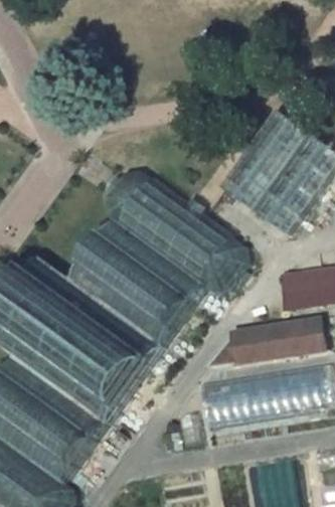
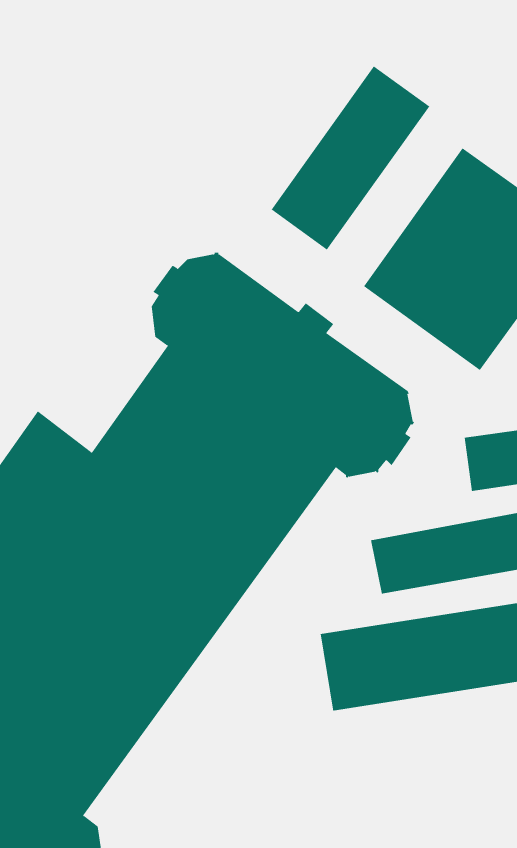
building: none -> [271,66,430,251]

